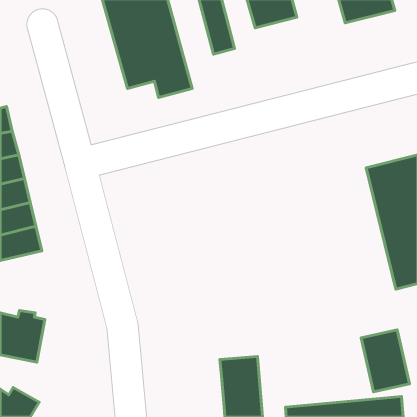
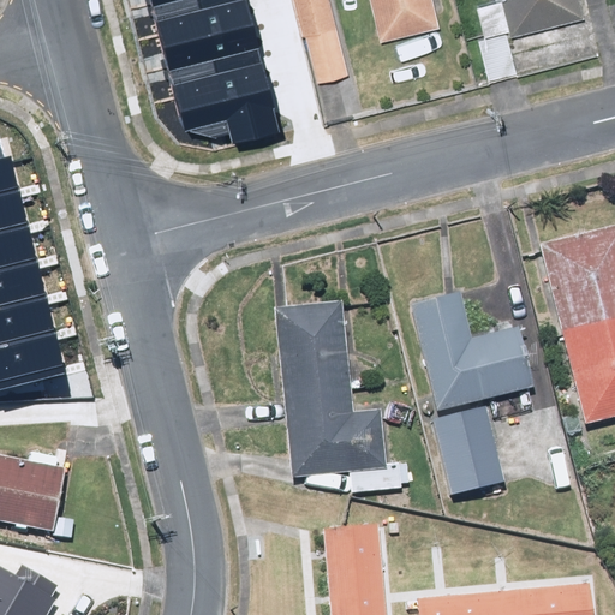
building: none -> [408,298,532,411]
building: none -> [271,301,411,494]
building: [361,330,410,392] -> [429,406,500,497]

